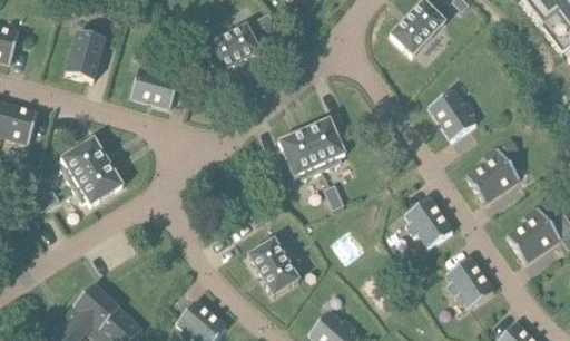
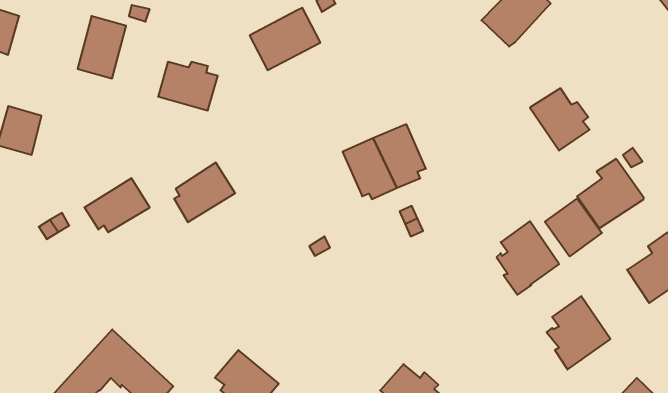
building: [60,136,109,184] -> [174,163,235,222]
building: none -> [545,198,602,256]
building: [247,237,299,294] -> none

